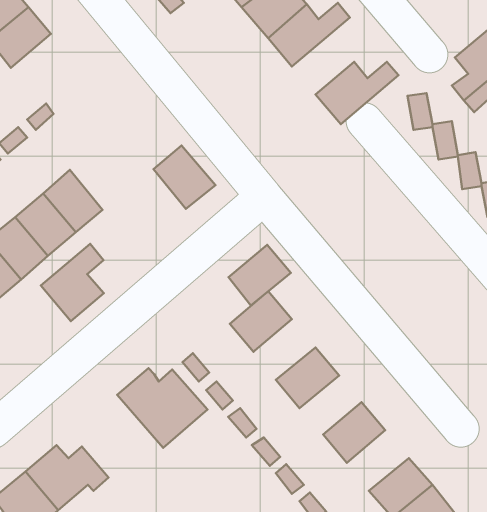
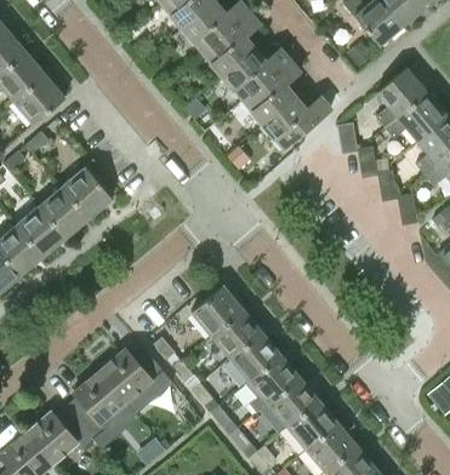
building: none -> [243,61,298,124]
building: none -> [12,74,65,125]
building: [153,145,216,209] -> [61,166,112,218]
building: [41,244,104,321] -> none
building: [229,245,291,305] -> [211,308,262,357]
building: none -> [245,354,300,412]
building: none -> [70,370,139,448]
building: none -> [287,399,338,448]

